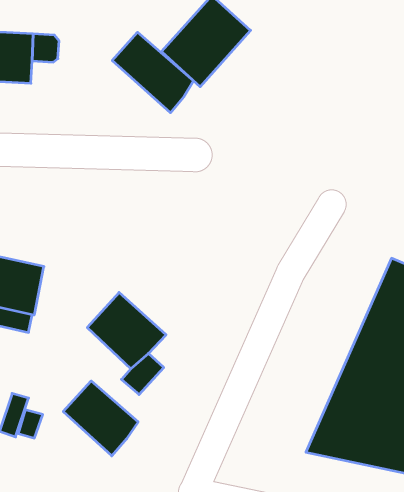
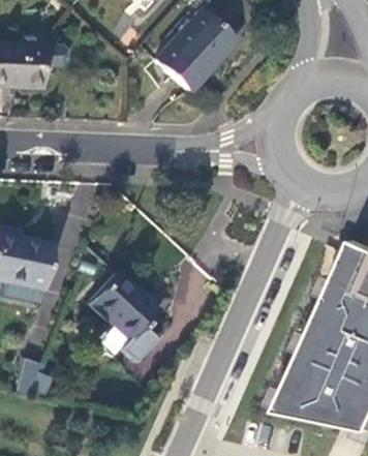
building: [112,32,193,113] -> none
building: [63,381,138,456] -> none

